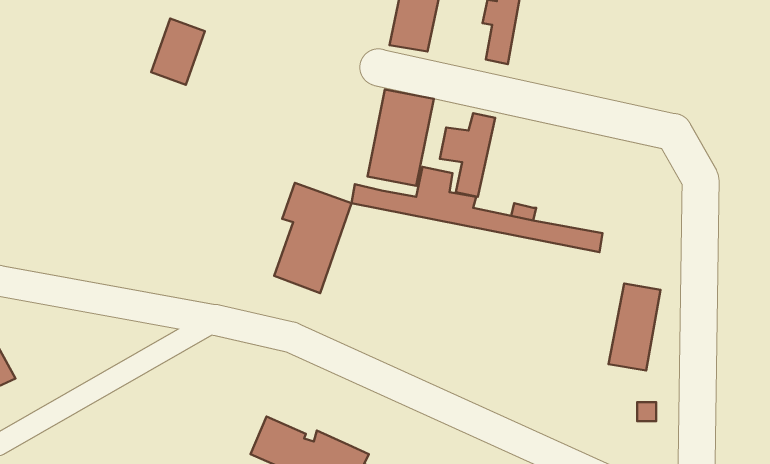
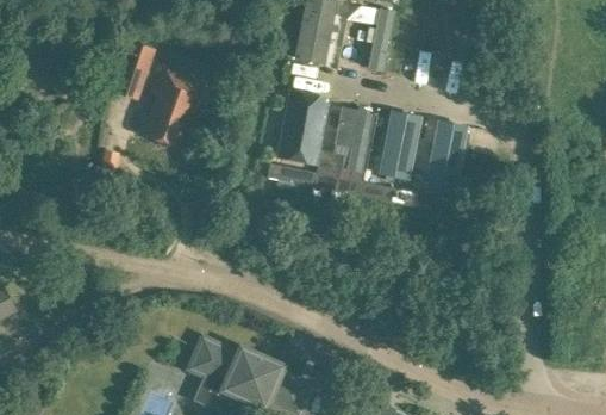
building: none -> [377,111,417,178]
building: [274,183,352,293] -> [144,66,202,149]
building: [608,284,660,370] -> [424,120,463,186]

